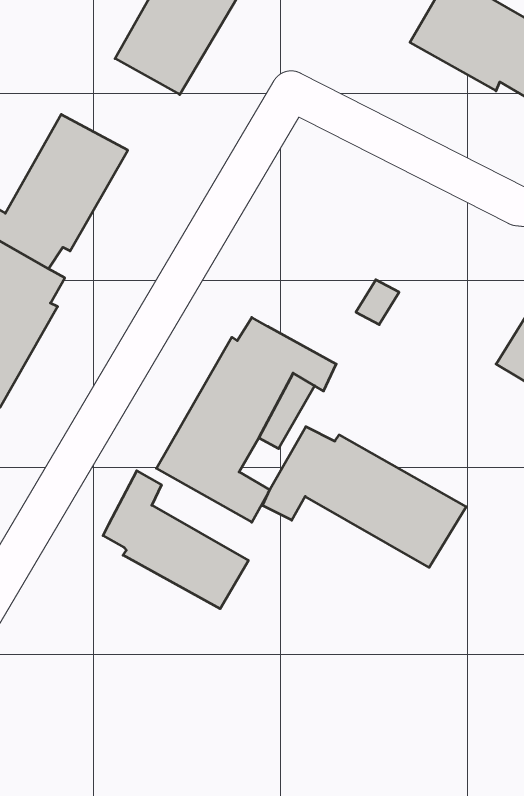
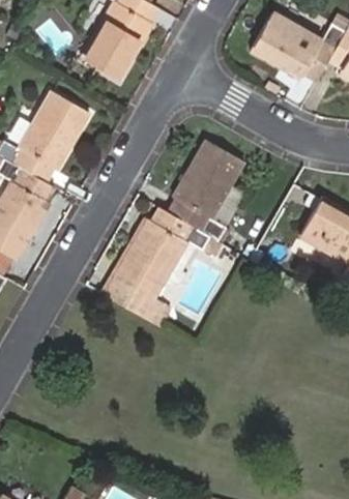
building: none -> [170,139,243,240]
building: [263,427,466,567] -> none
building: [103,471,248,609] -> none

